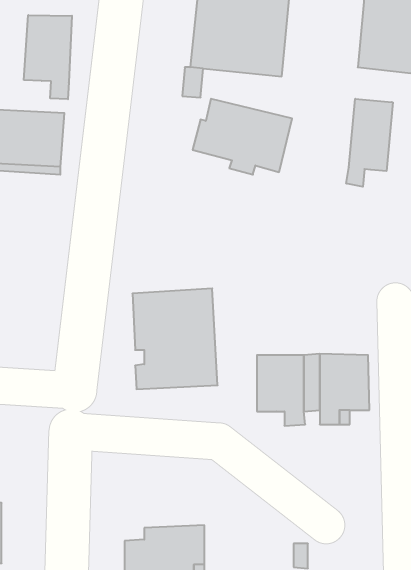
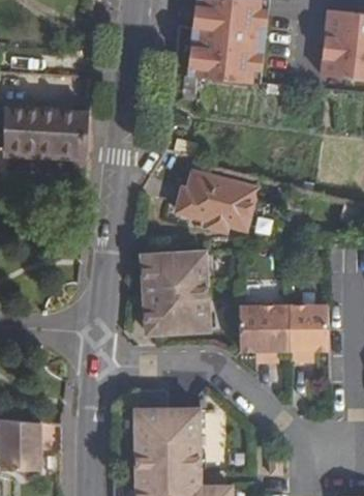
building: [24,15,72,99] -> none
building: [346,99,393,187] -> none
building: [193,99,292,175] -> [178,172,256,232]
building: none -> [137,407,200,450]

